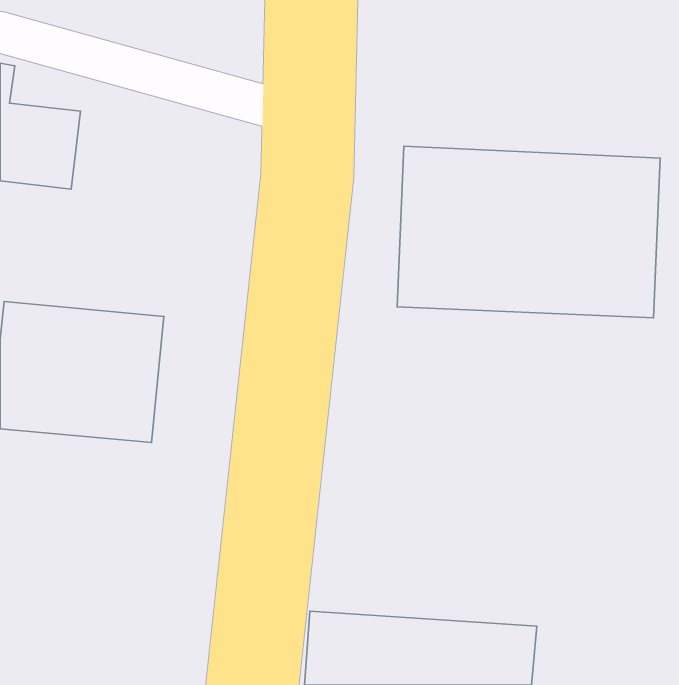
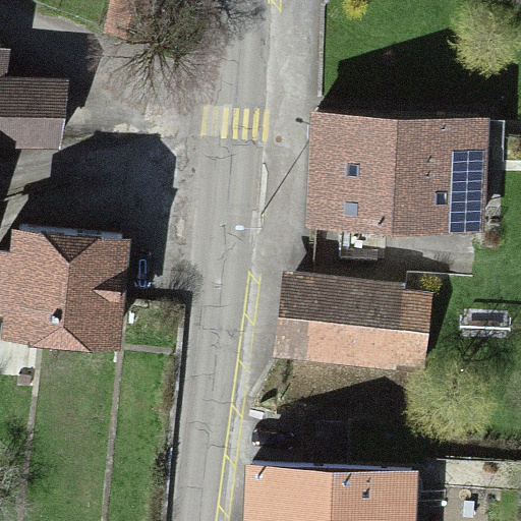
building: none -> [273,280,425,370]

